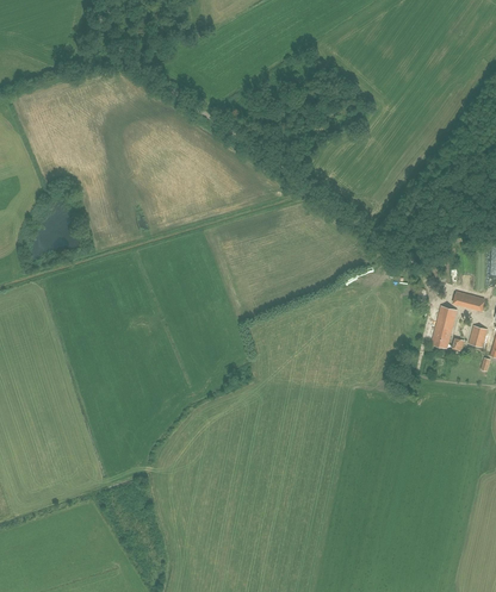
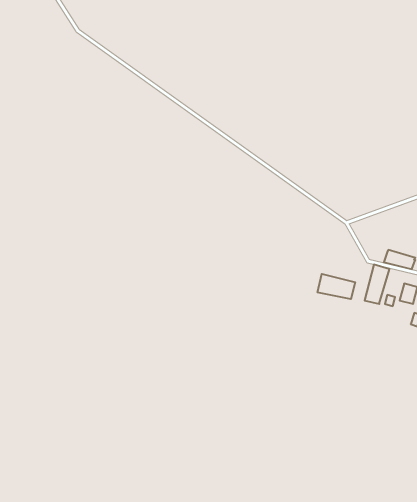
building: none -> [318,274,355,299]

